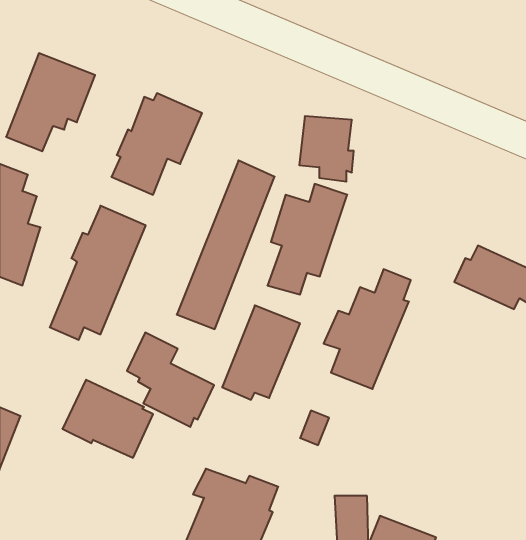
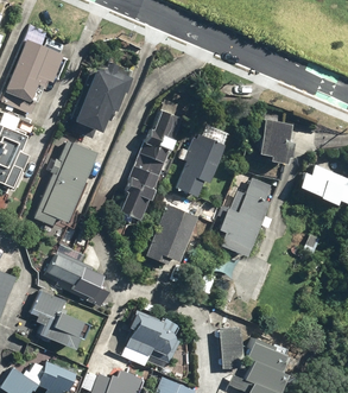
building: [299,116,354,182] -> [258,120,293,163]
building: [127,333,214,427] -> [30,289,87,350]

